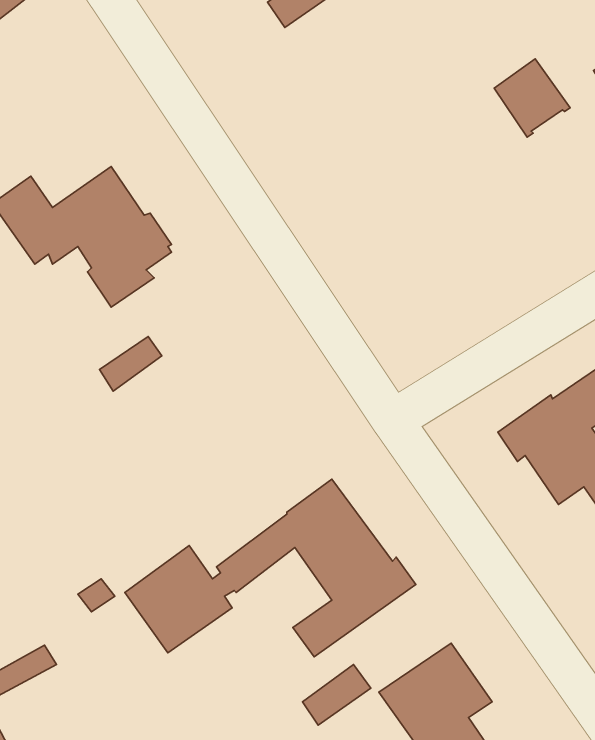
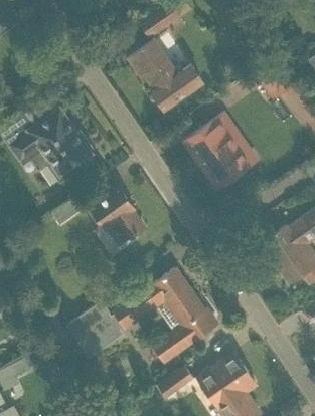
building: none -> [128,41,202,109]
building: none -> [185,114,249,187]
building: none -> [88,186,144,252]

